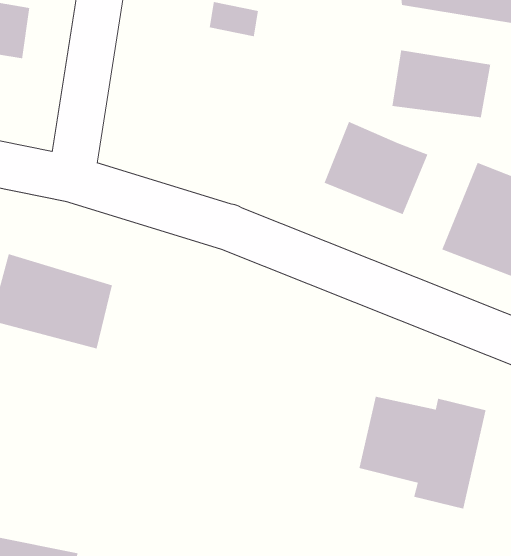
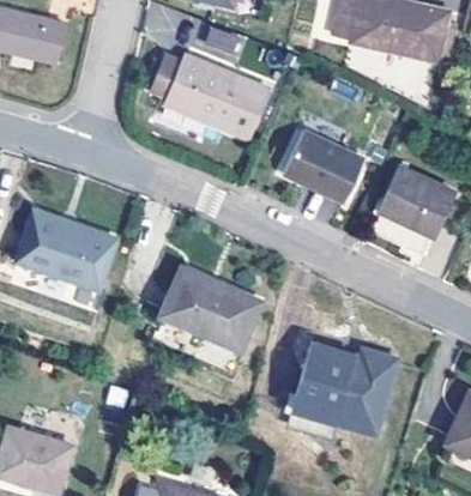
building: none -> [152,53,267,135]
building: [392,49,491,118] -> none
building: none -> [159,266,261,351]

